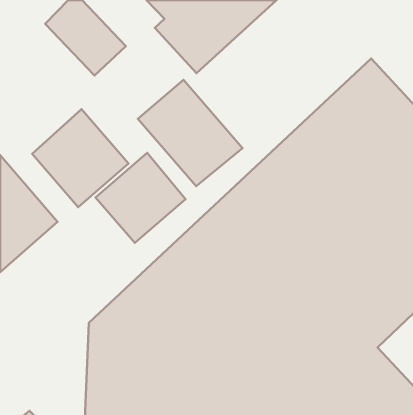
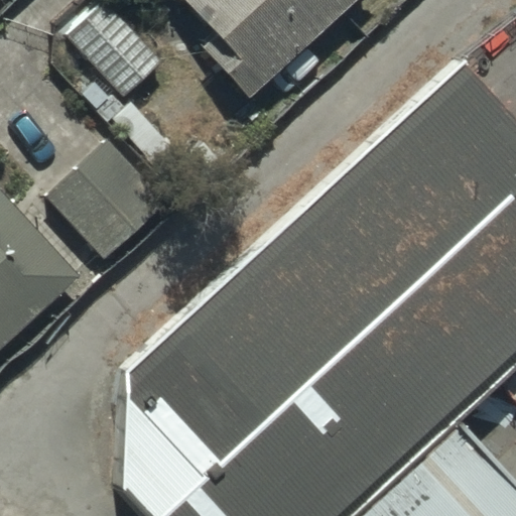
building: [138,80,243,186] -> none
building: [96,153,185,243] -> none

